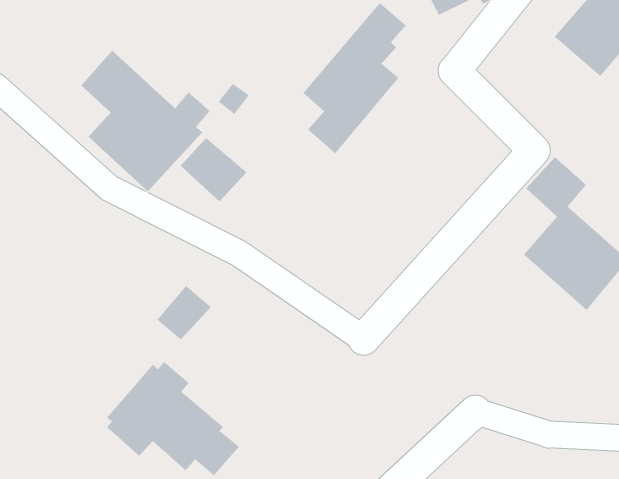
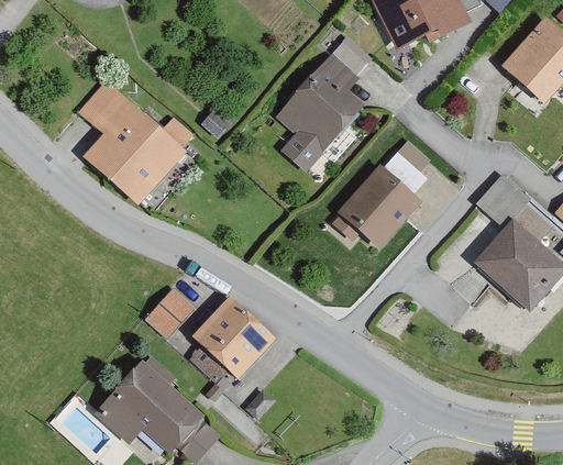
building: none -> [333,137,430,248]
building: [180,137,247,202] -> none
building: none -> [190,297,275,381]

